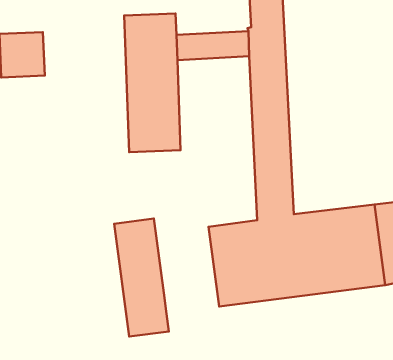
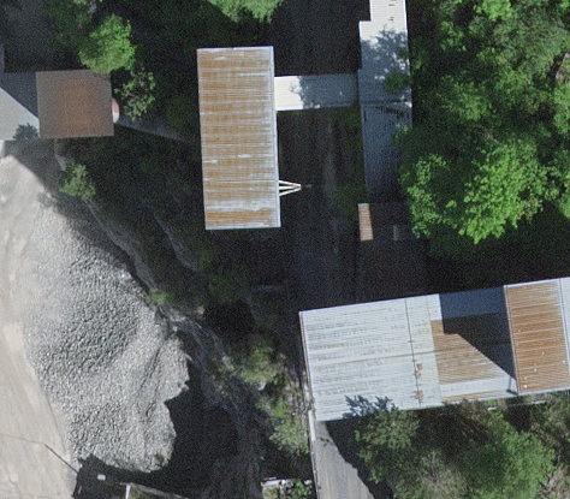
building: [114,219,169,337] -> none

